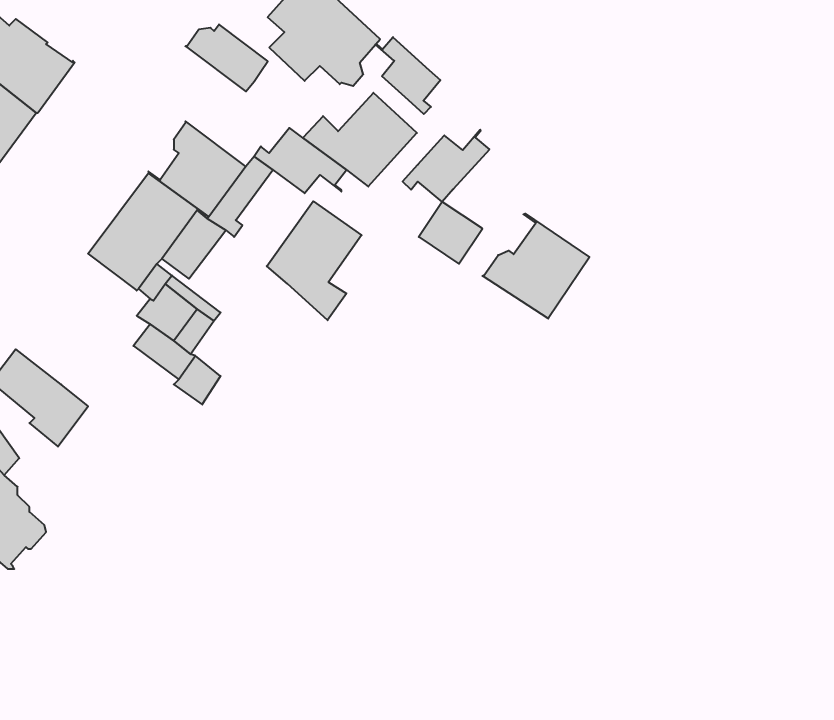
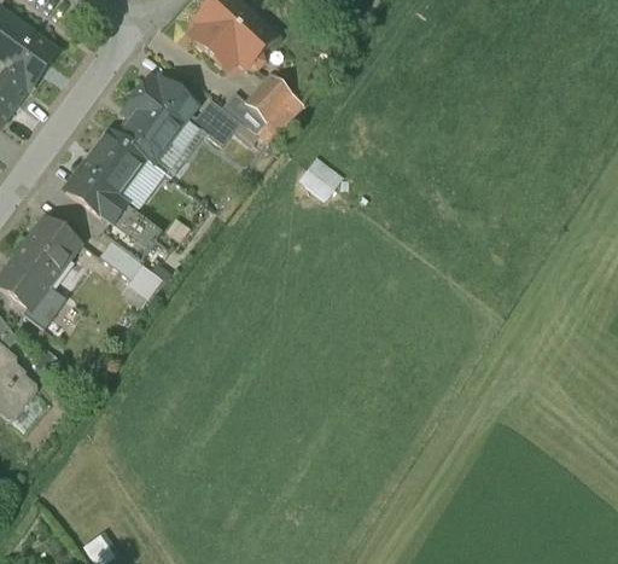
building: [185,24,268,91] -> [135,77,194,126]
building: [375,37,440,114] -> none
building: [403,130,489,202] -> none
building: [267,201,362,320] -> none
building: [482,214,589,319] -> none
building: none -> [13,215,78,283]

